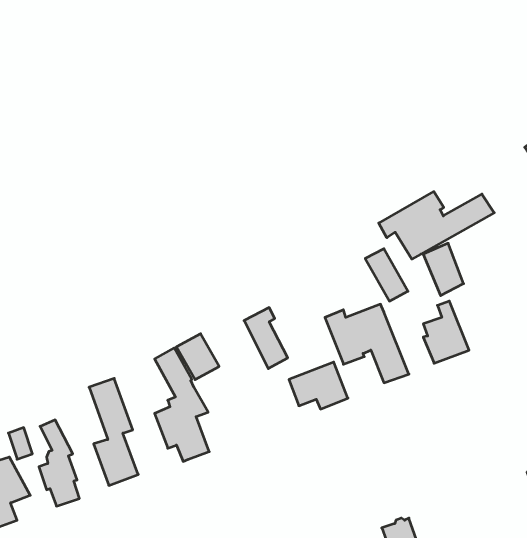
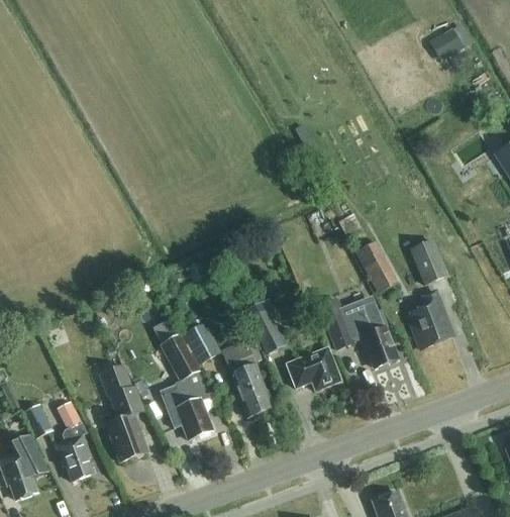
building: none -> [430,26,465,59]
building: [379,192,494,259] -> none
building: none -> [224,340,273,416]

